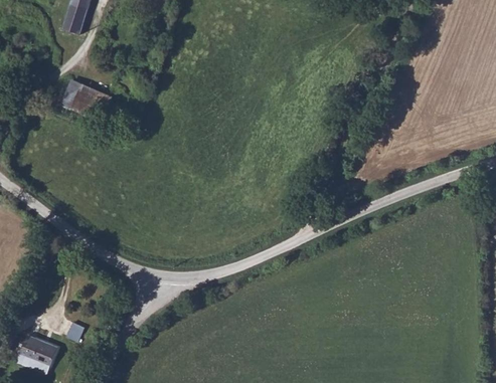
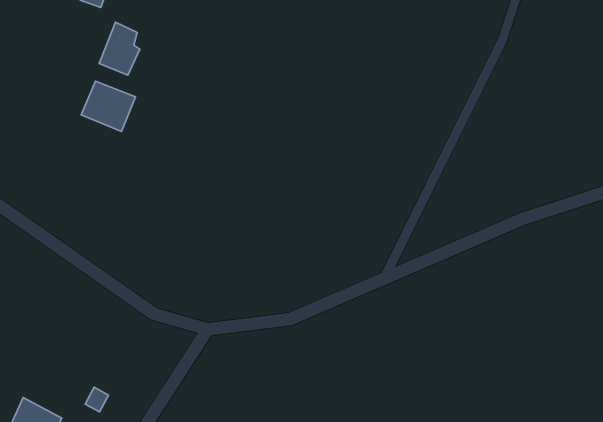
building: none -> [99,22,140,75]

